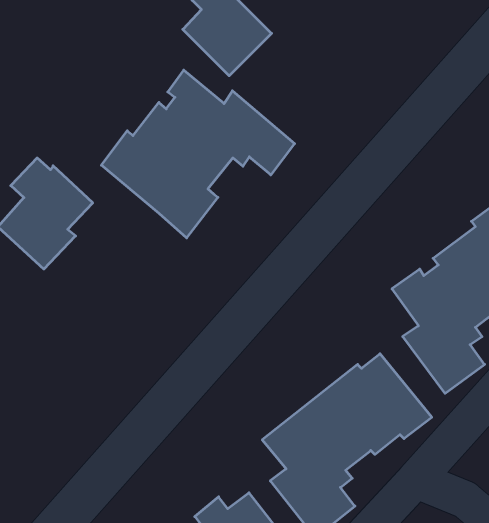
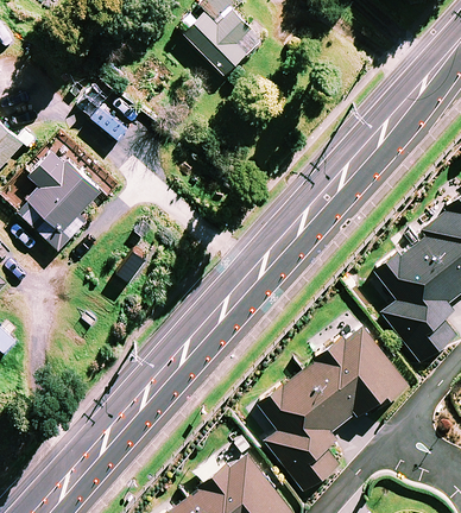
building: [101,70,295,238] -> none

